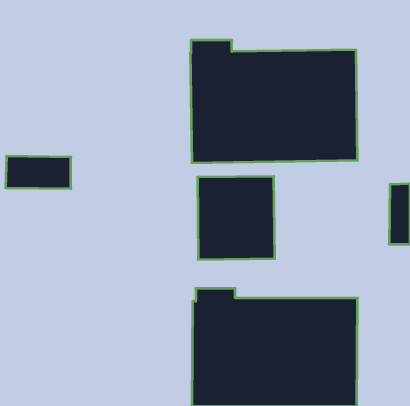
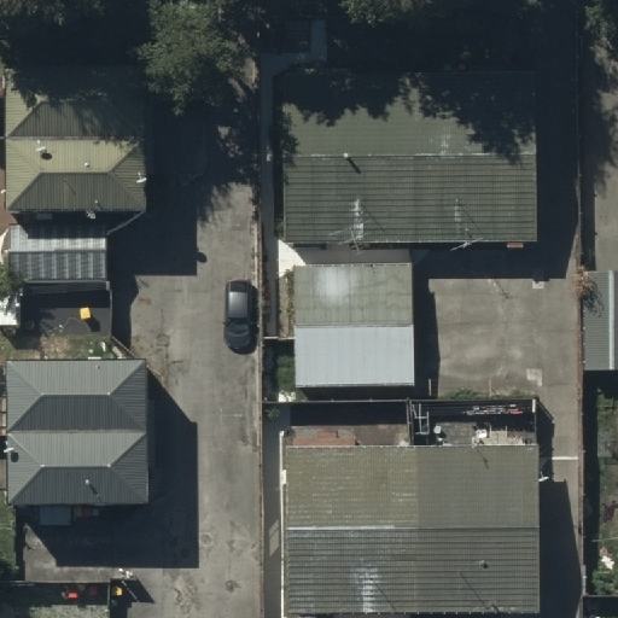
building: none -> [10,78,150,221]
building: none -> [8,369,150,509]

